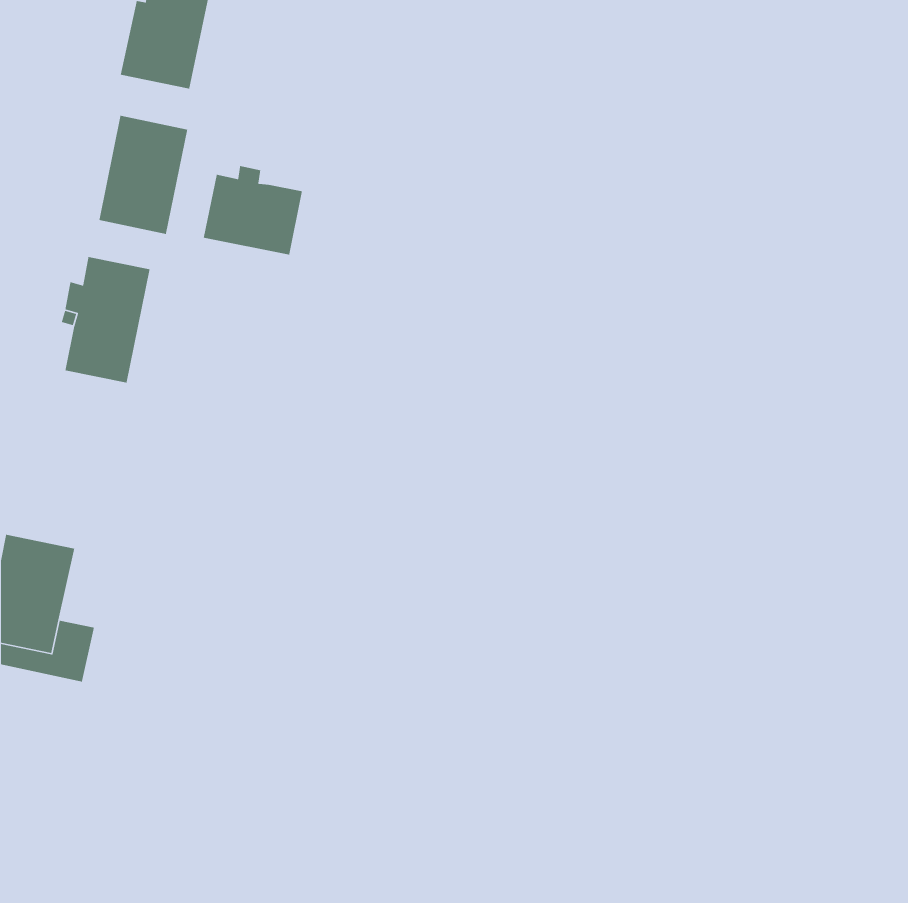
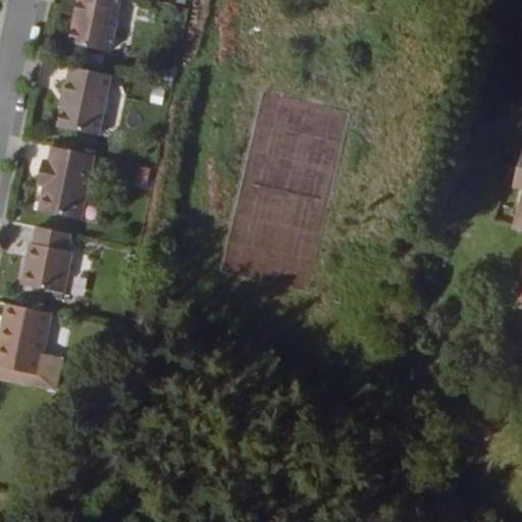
building: [203,165,303,255] -> none
building: none -> [22,226,72,292]

